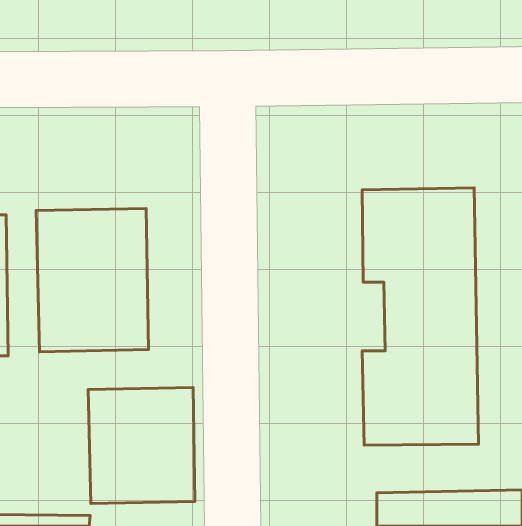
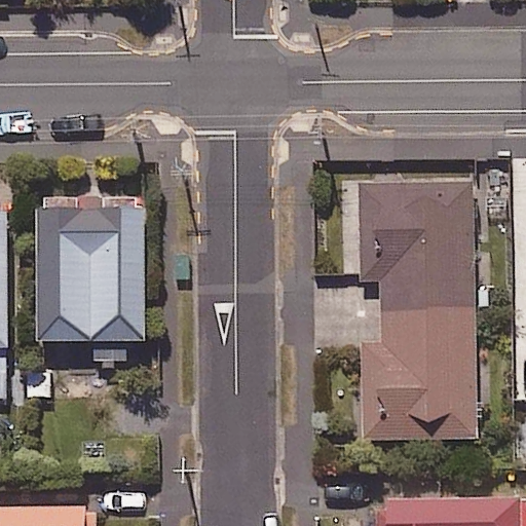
building: [88,387,195,504] -> none

